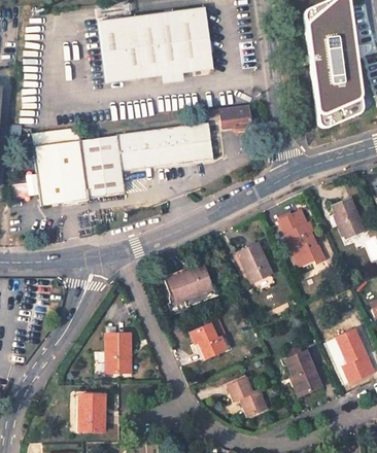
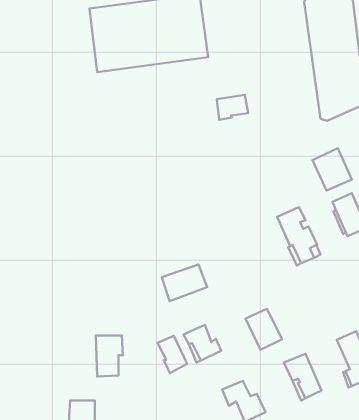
building: [33,121,214,206] -> none
building: none -> [313,148,352,190]
building: [237,243,272,282] -> [245,309,282,350]
building: none -> [158,336,187,373]

